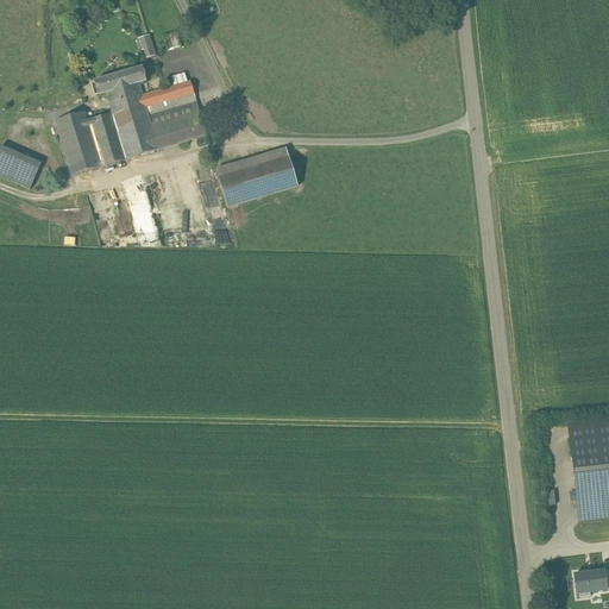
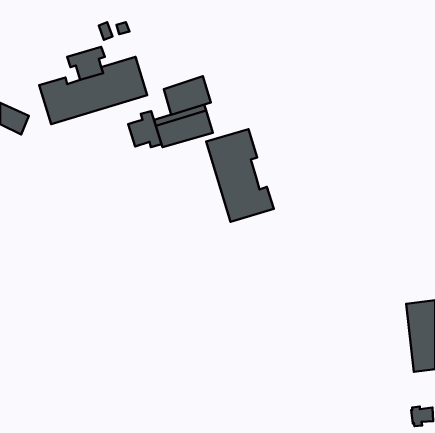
building: none -> [164,76,211,115]
building: none -> [128,111,161,147]
building: none -> [206,129,274,222]

